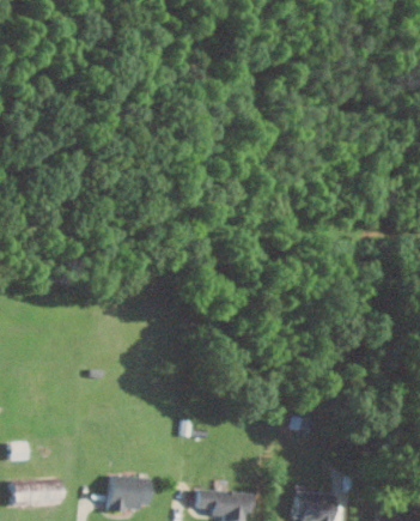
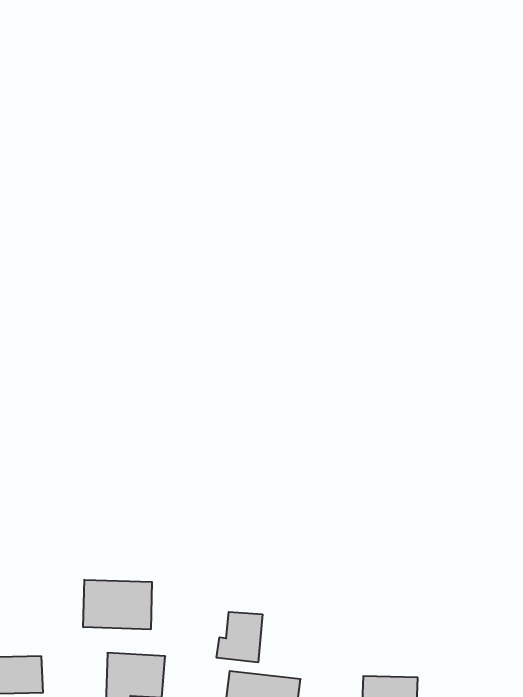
building: none -> [83,580,152,629]
building: none -> [217,612,262,662]

